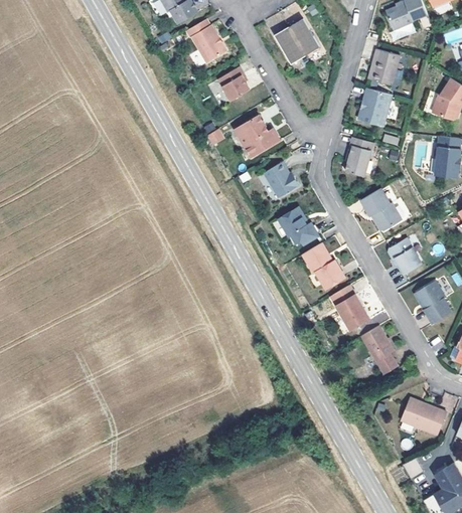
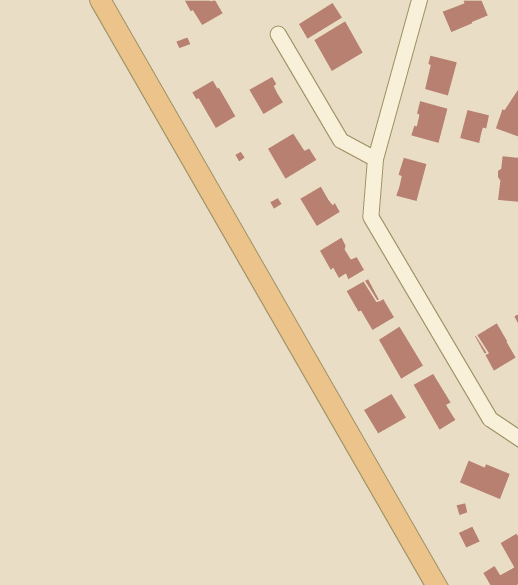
building: [186,18,225,61] -> [191,79,236,129]
building: none -> [459,109,490,144]
building: [360,188,402,229] -> none
building: [387,238,421,274] -> none
building: none -> [363,393,407,435]

